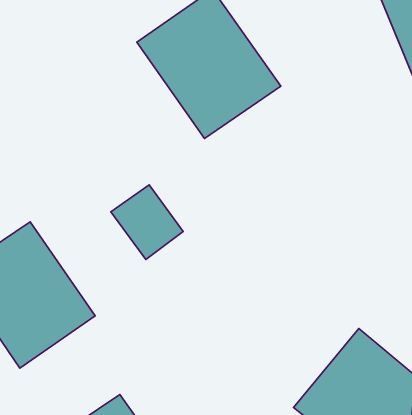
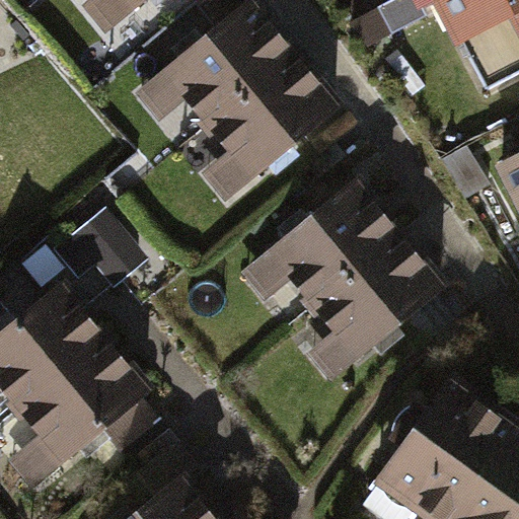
building: none -> [246,186,431,370]
building: [111,185,183,260] -> [65,211,150,297]

